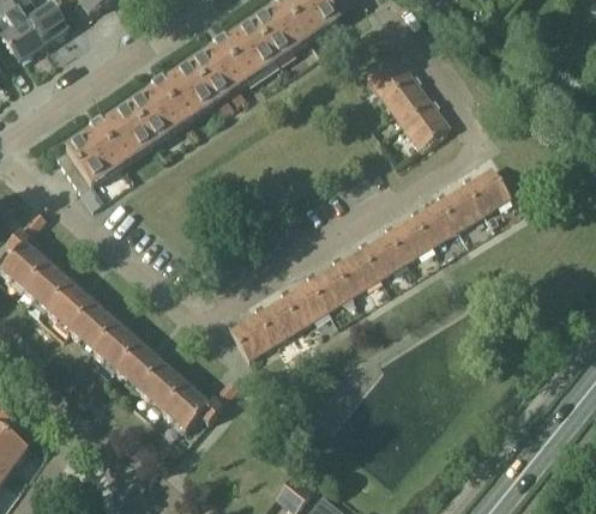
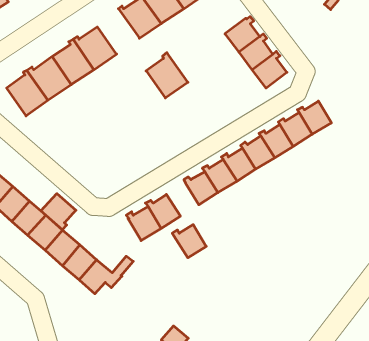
building: [189,40,247,102] -> [146,53,188,98]
building: [282,279,329,325] -> [172,225,206,258]
building: none -> [41,194,76,230]

